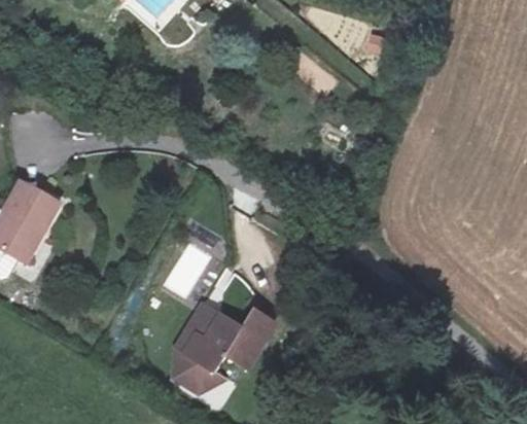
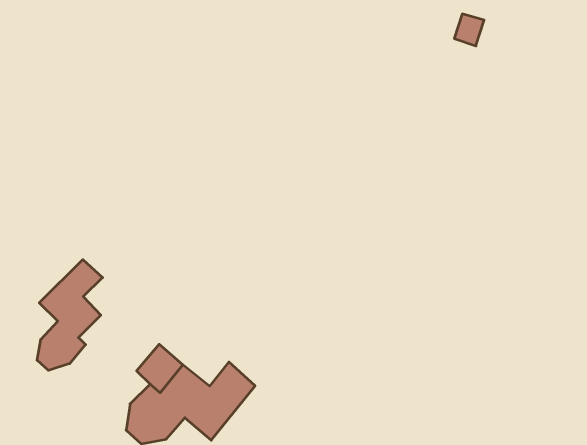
building: none -> [37,260,103,370]

